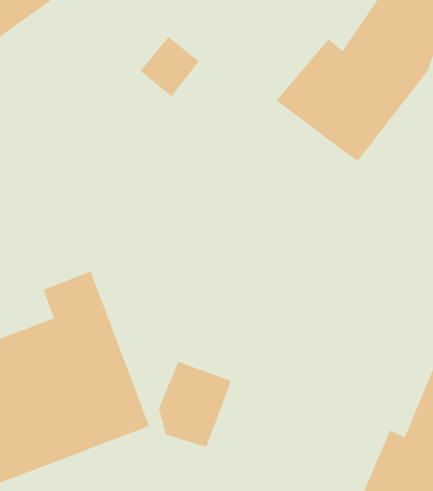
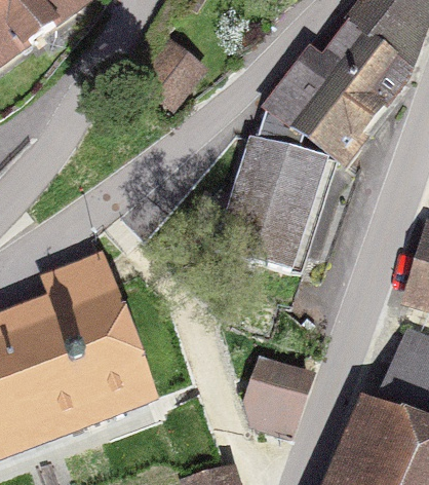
building: none -> [218,107,329,273]
building: [158,361,232,448] -> [243,360,309,437]

